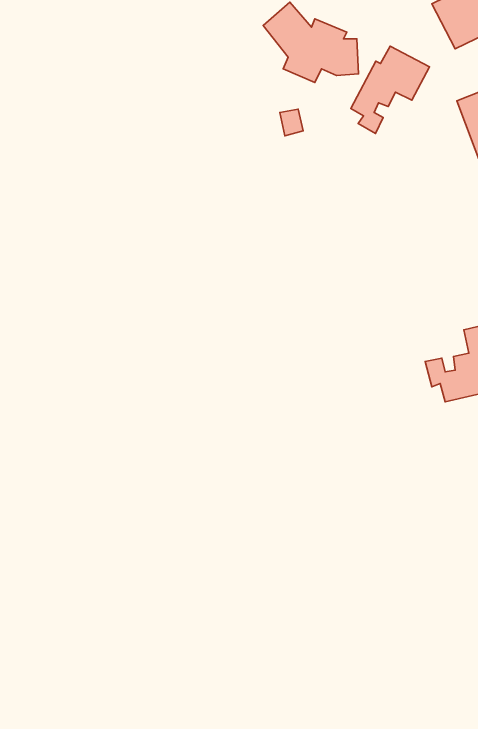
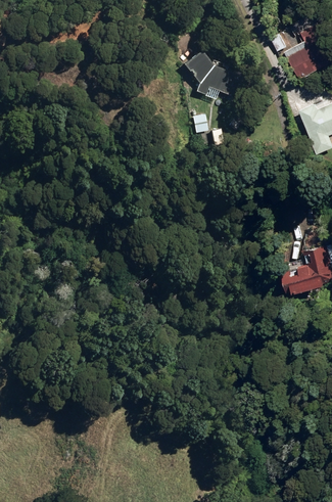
building: [351,46,430,133] -> none

